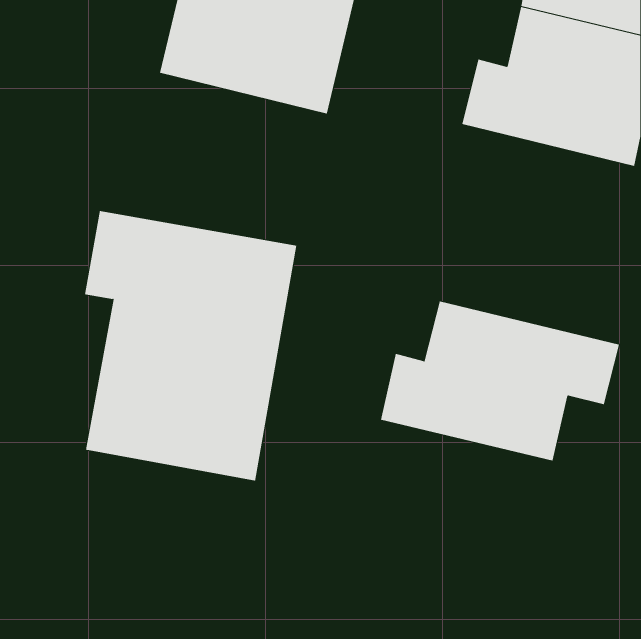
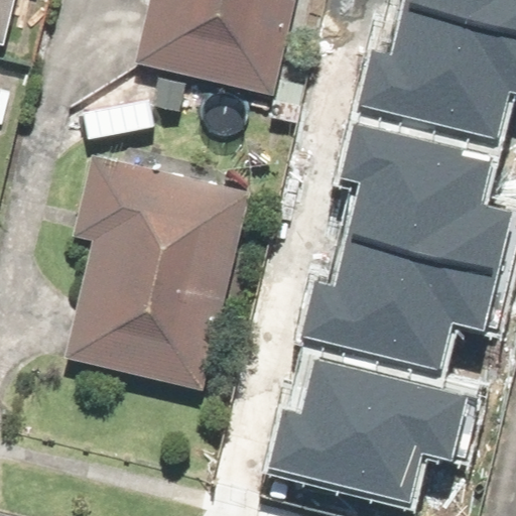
building: none -> [343,132,511,277]
building: none -> [271,358,476,498]

